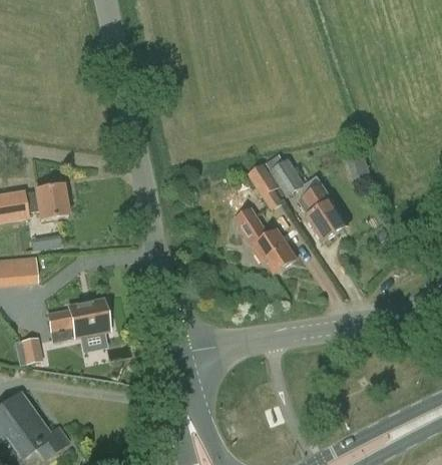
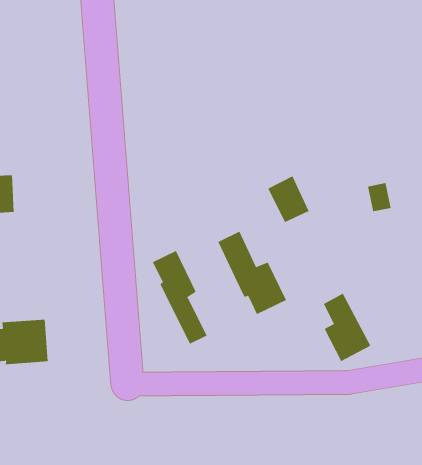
building: [248,162,283,208] -> none
building: [307,184,350,241] -> [323,293,371,362]
building: none -> [152,250,207,345]

